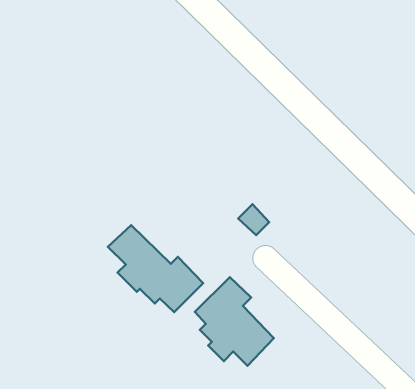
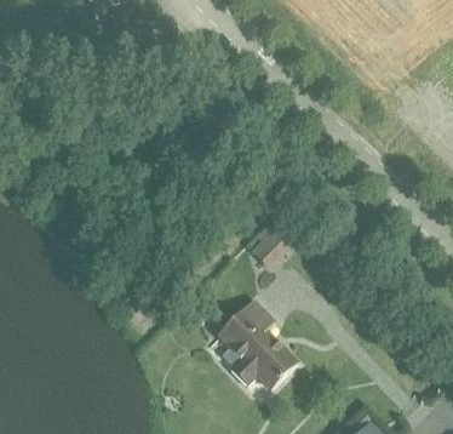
building: [108,225,203,312] -> none

